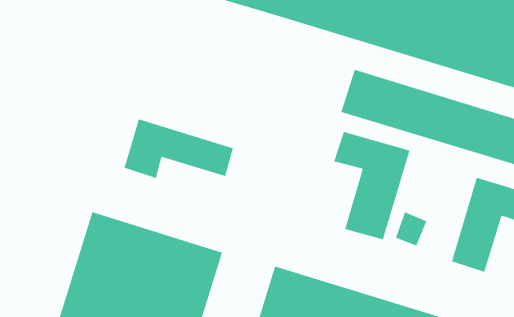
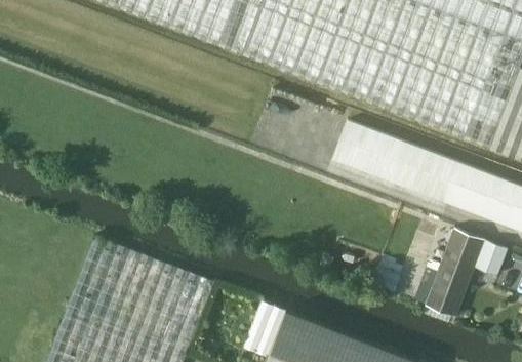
building: [124,118,234,179] -> none
building: [334,131,410,240] -> none

